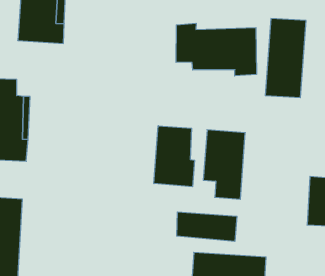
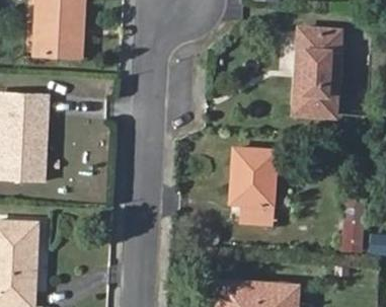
building: [176,23,256,76] -> none
building: [154,126,195,187] -> none
building: [177,212,237,241] -> none

